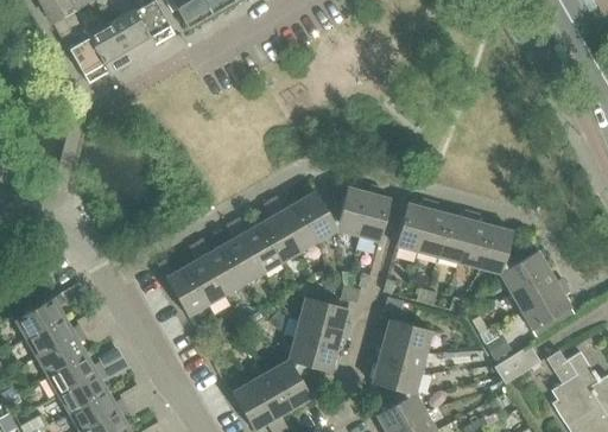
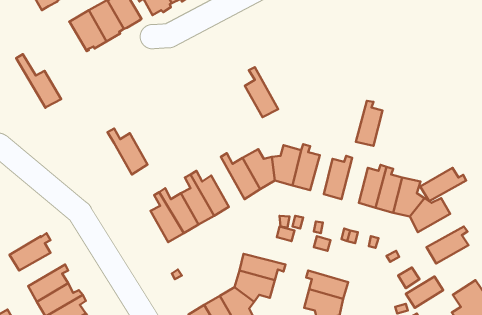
building: [53,19,108,84] -> [16,54,61,108]
building: [259,202,299,262] -> [245,67,278,117]
building: [417,203,449,258] -> [356,101,382,146]
building: [158,261,207,317] -> [107,128,148,174]
building: [509,271,565,311] -> [420,168,466,201]
building: [298,297,352,332] -> none
building: [26,318,82,358] -> none
building: [376,319,431,354] -> none

